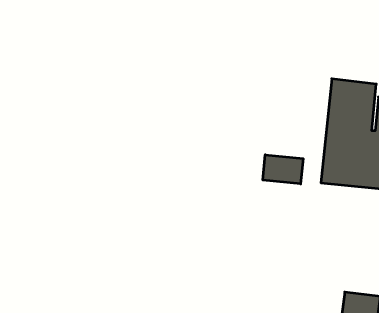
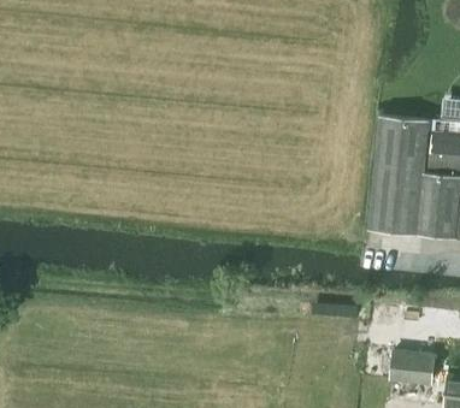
building: [263,155,303,184] -> none

